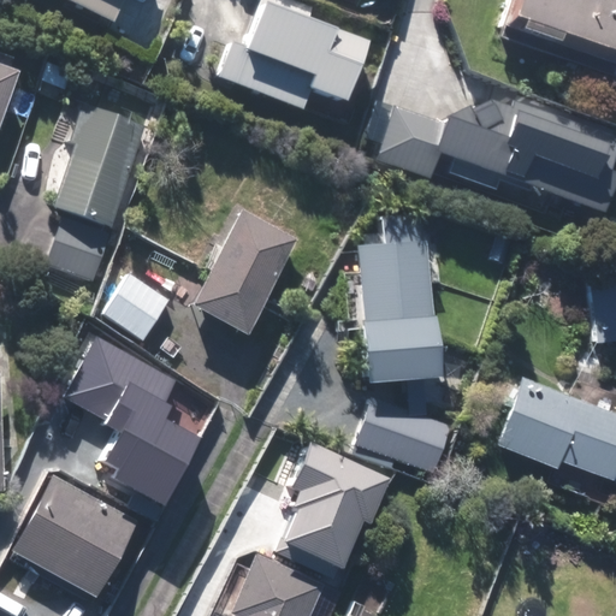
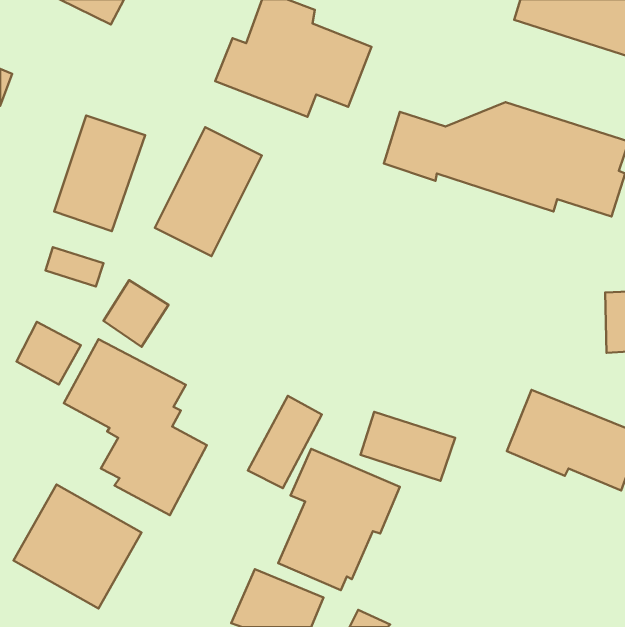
building: [191,207,296,333] -> [155,127,262,256]
building: [361,212,432,381] -> none
building: none -> [17,322,81,385]
building: none -> [248,396,322,488]

